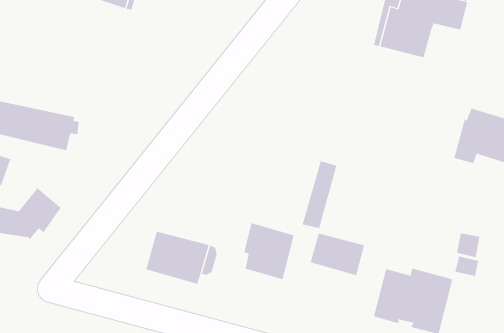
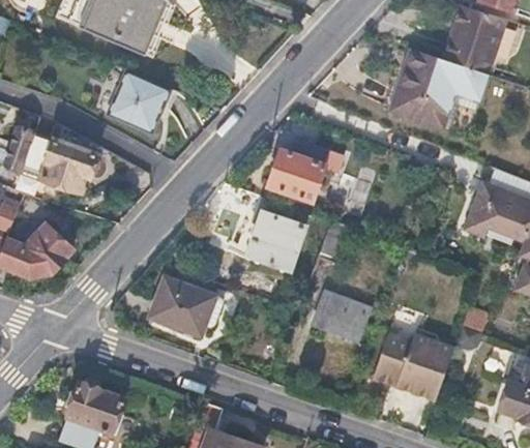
building: none -> [107,70,171,135]
building: none -> [267,143,327,204]
building: [243,223,294,280] -> [251,212,302,271]

